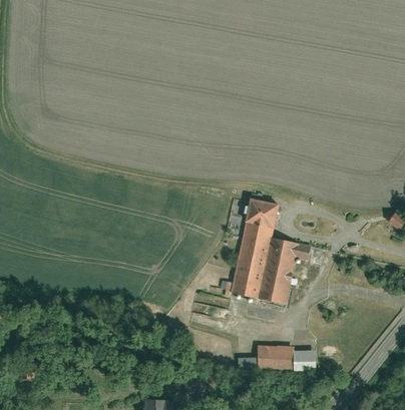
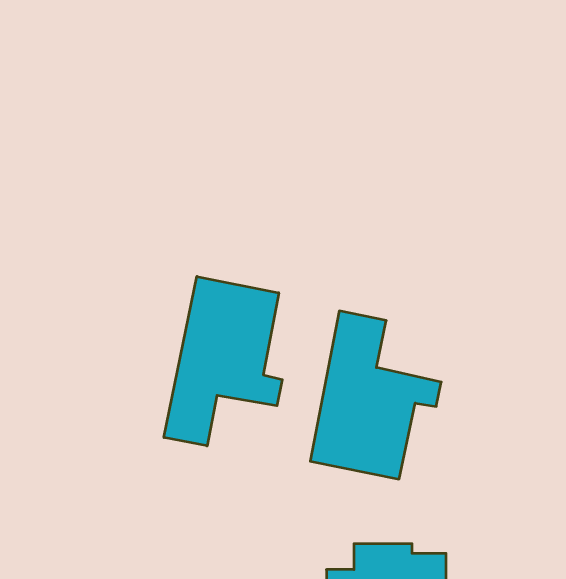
building: none -> [164,276,282,446]

